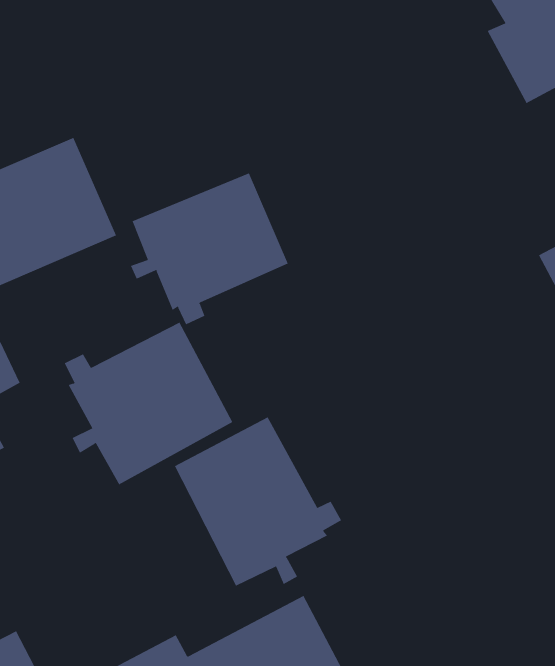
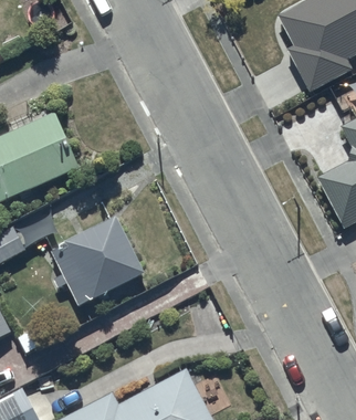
building: [130,172,288,325] -> none
building: [174,416,342,587] -> none

